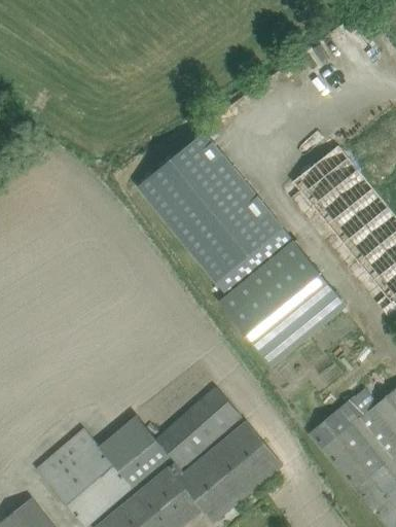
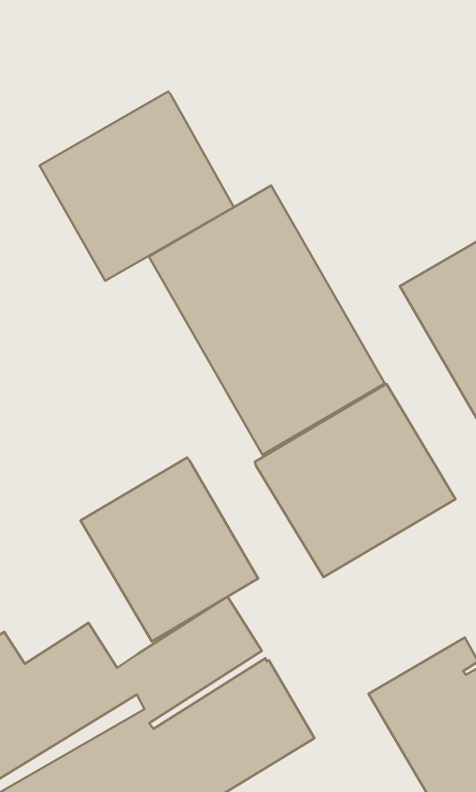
building: none -> [39,91,234,281]
building: none -> [81,458,258,641]

